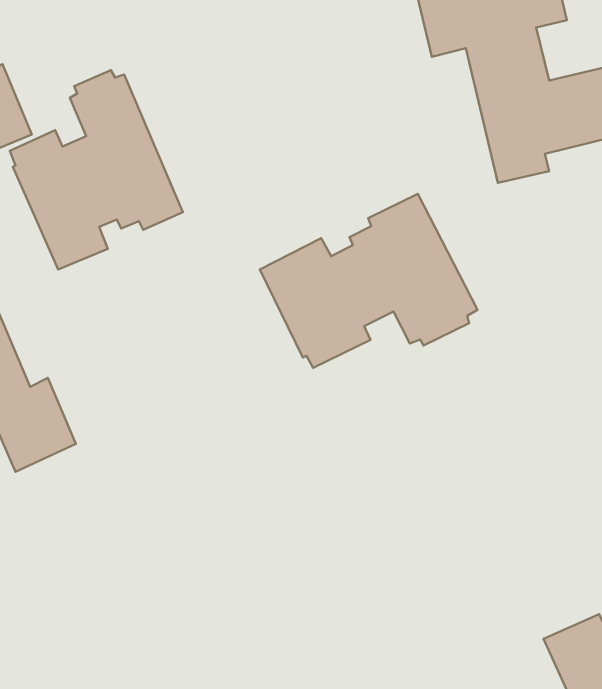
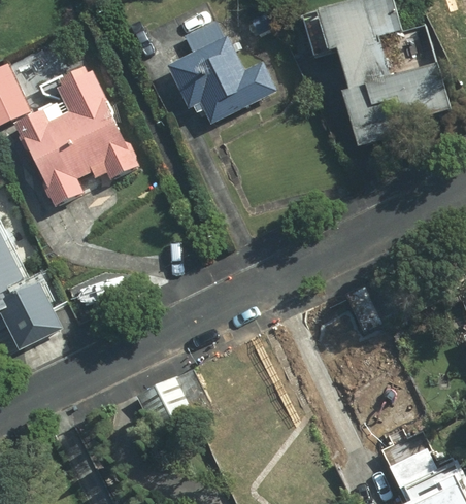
building: none -> [168,34,275,121]
building: [260,194,477,368] -> none

